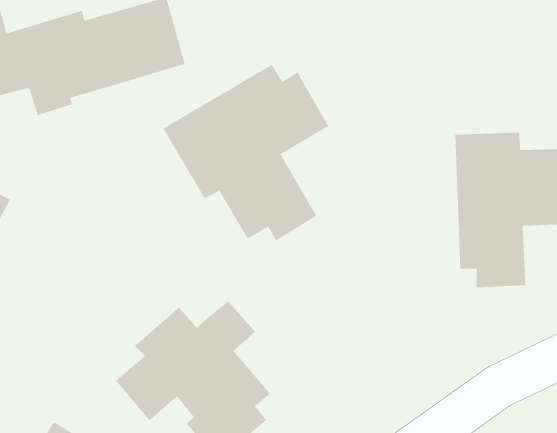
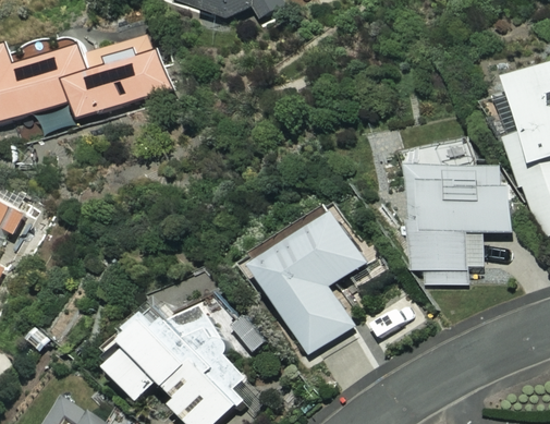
building: [163,64,329,241] -> none
building: none -> [254,210,370,352]

